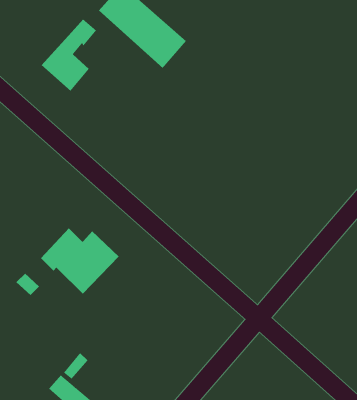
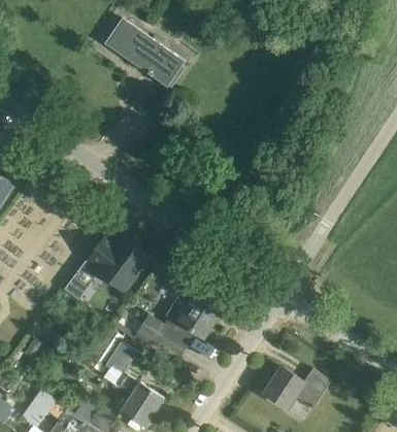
building: [41,19,97,92] -> none
building: none -> [135,286,221,357]

